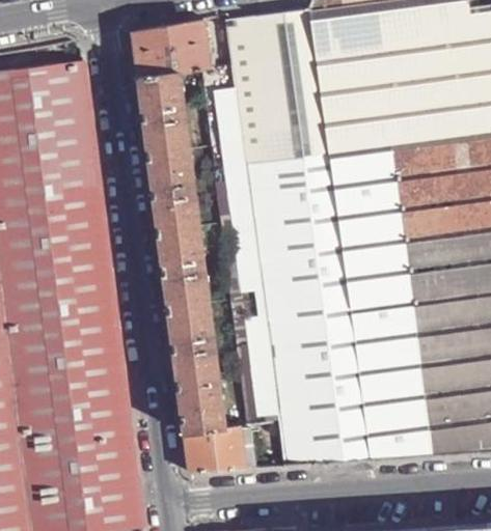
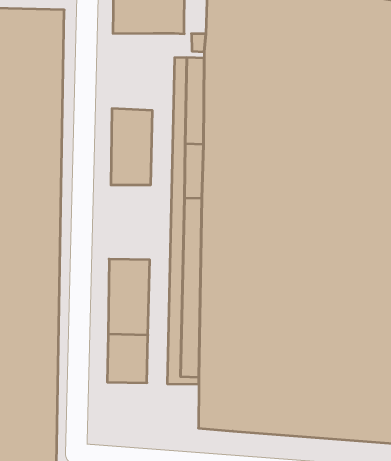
building: [139,72,191,155] -> none
building: [160,226,211,308] -> none
building: [186,426,248,473] -> none

